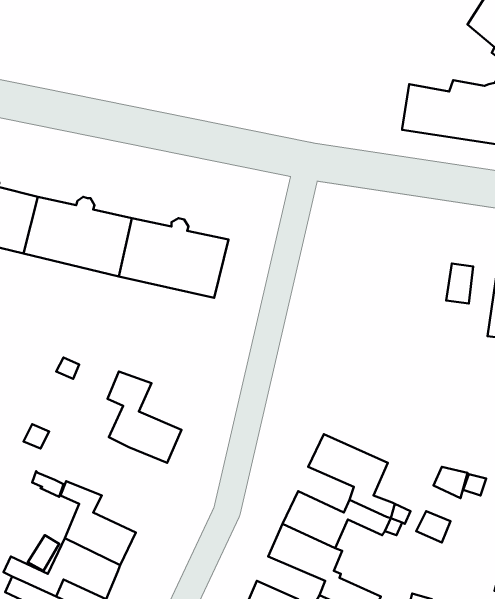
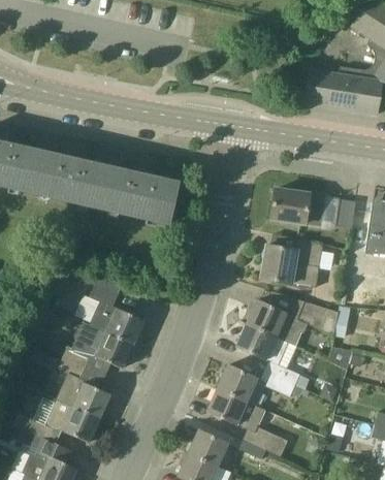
building: none -> [270,188,325,223]
building: none -> [260,238,323,286]
building: none -> [247,298,338,343]
building: none -> [60,322,133,367]

